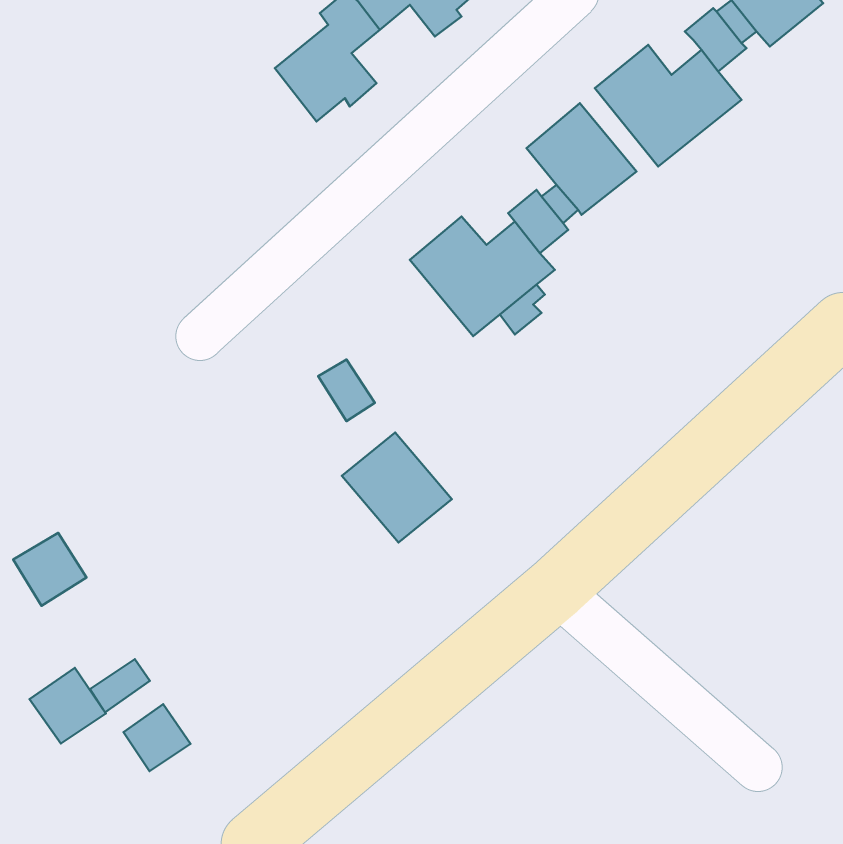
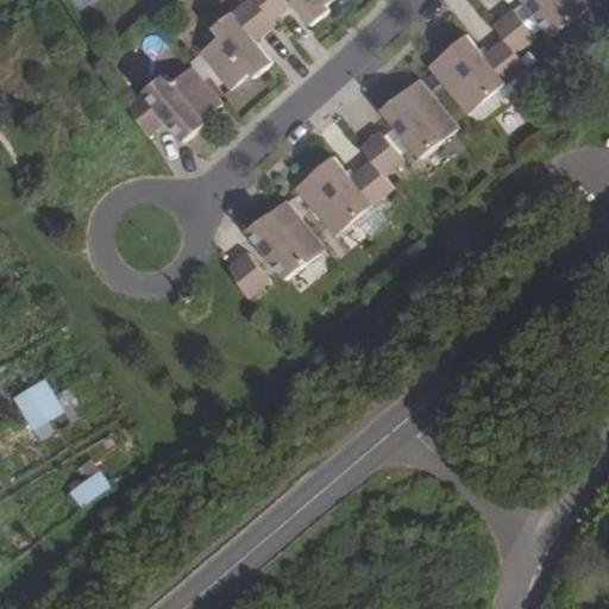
building: none -> [125,64,219,139]
building: [342,432,452,542] -> [249,203,327,282]
building: [29,668,106,744] -> none
building: [124,704,191,771] -> none

